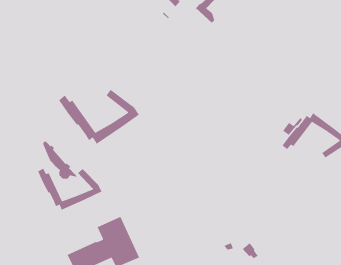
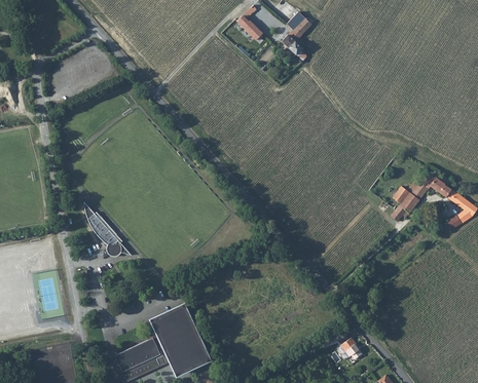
building: [58,89,140,145] -> none
building: [37,168,102,211] -> none

